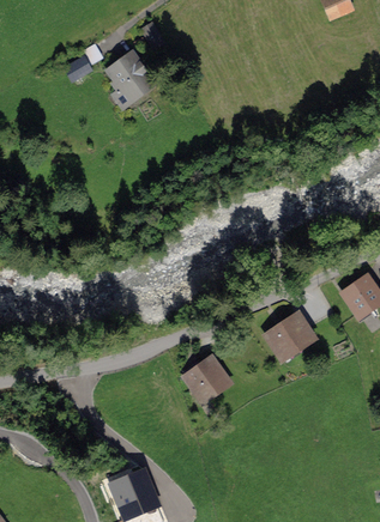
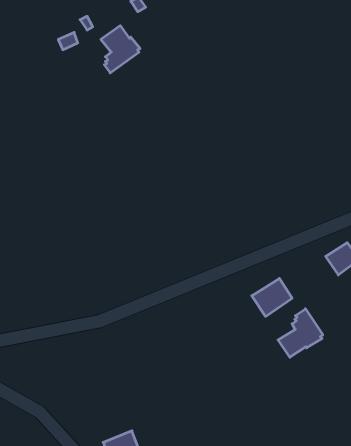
building: none -> [278,309,323,357]
building: [183,360,224,399] -> none

